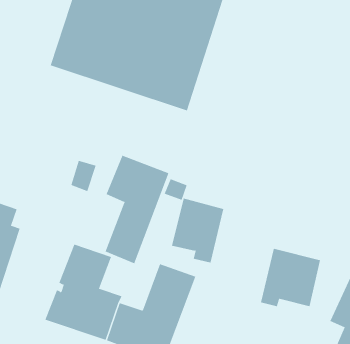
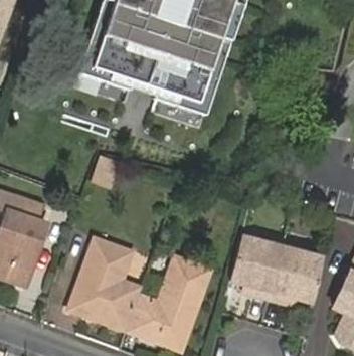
building: [105,155,169,264] -> none
building: [171,198,224,263] -> [232,232,282,293]

